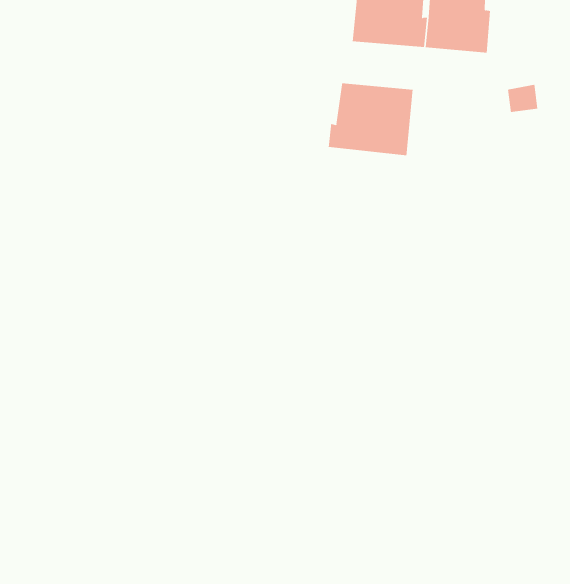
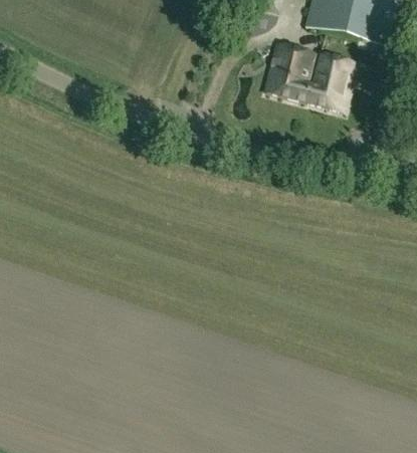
building: [328,83,413,156] -> none

